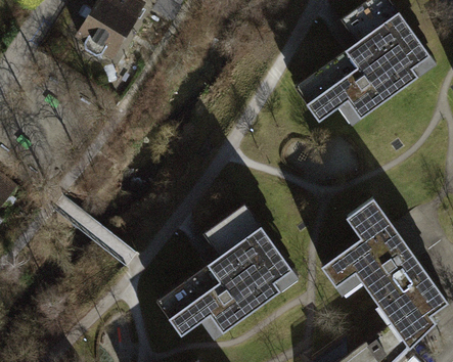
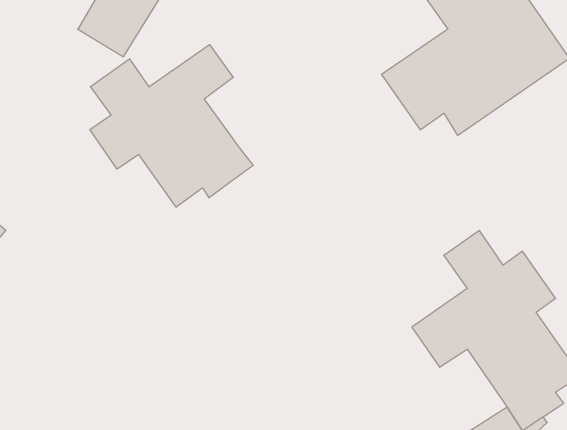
building: none -> [90,45,253,207]
building: [158,203,298,338] -> none

